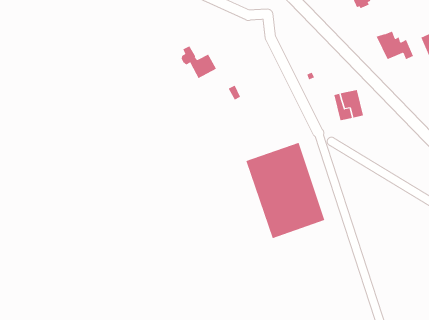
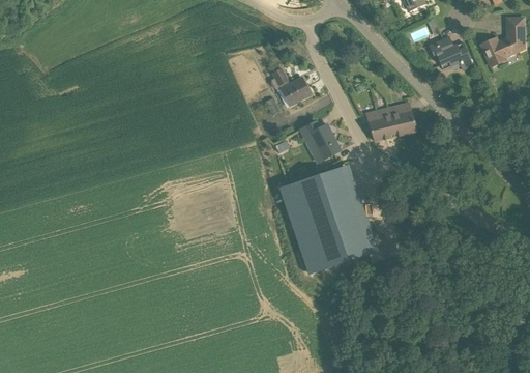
building: [181,46,217,79] -> [270,67,311,105]
building: none -> [365,108,390,141]
building: none -> [299,120,341,163]

